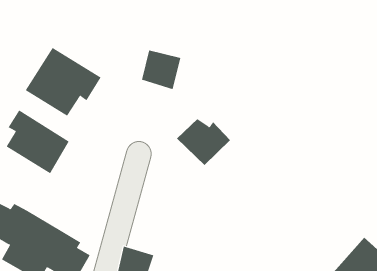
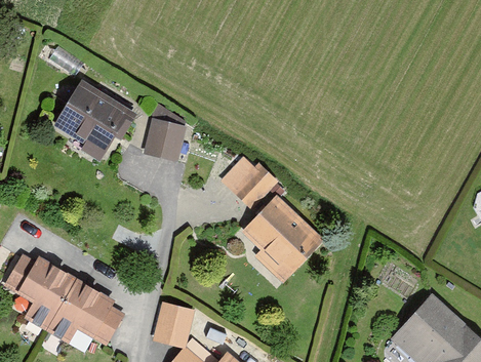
building: [141,50,181,90] -> [144,119,189,164]
building: [6,110,70,174] -> none
building: none -> [241,195,322,282]

